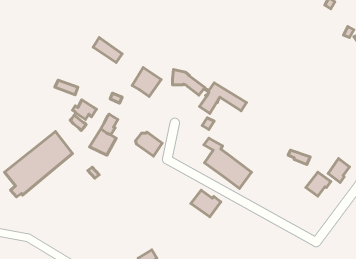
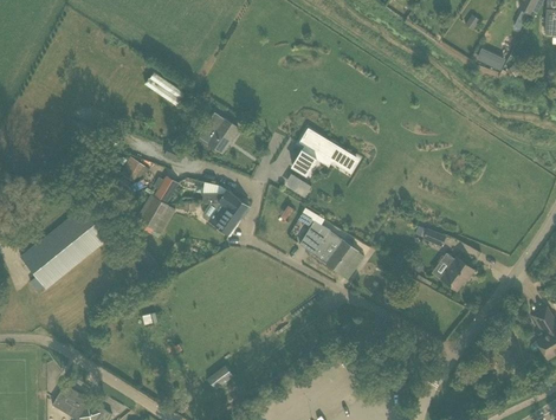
building: [173,70,205,95] -> [202,181,247,217]
building: [328,158,350,182] -> none
building: [191,190,221,217] -> none

